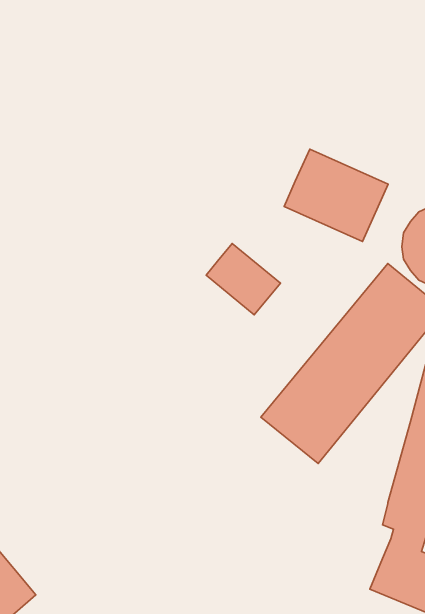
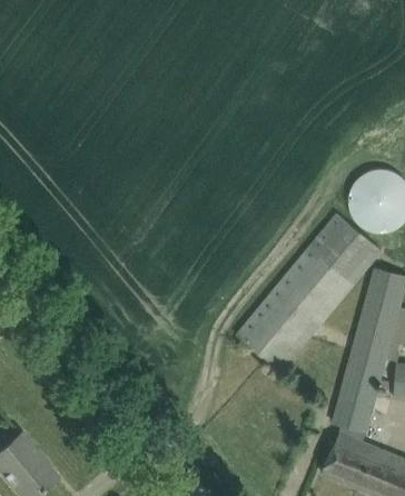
building: [284,149,388,241] -> none
building: [206,243,280,315] -> none

